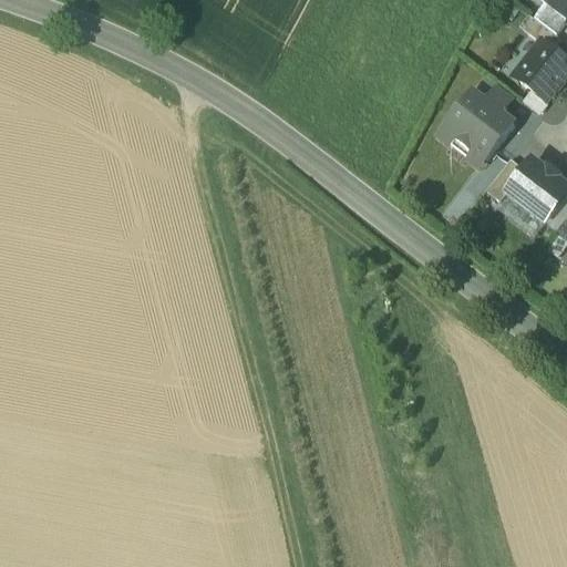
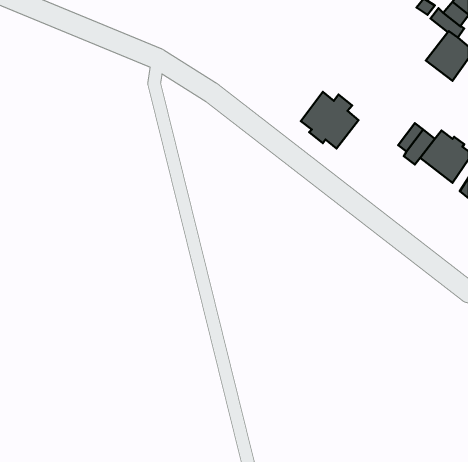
building: [446,87,516,156] -> [301,92,359,149]

